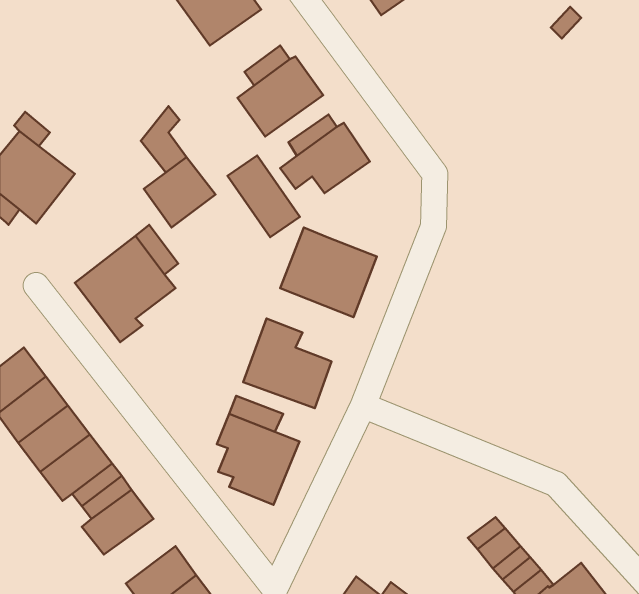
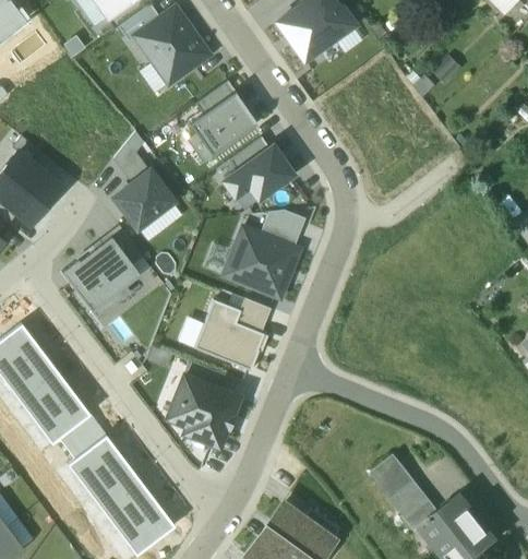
building: [227,156,300,237] -> none
building: none -> [261,212,305,249]
building: none -> [236,300,271,333]
building: none -> [84,459,141,510]

